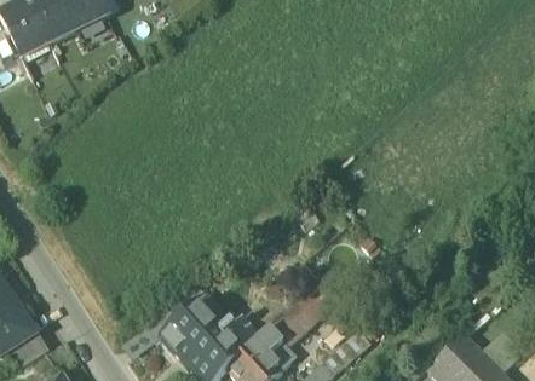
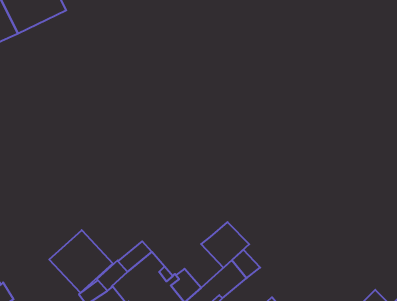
building: none -> [201,222,249,268]
building: none -> [49,230,113,293]

